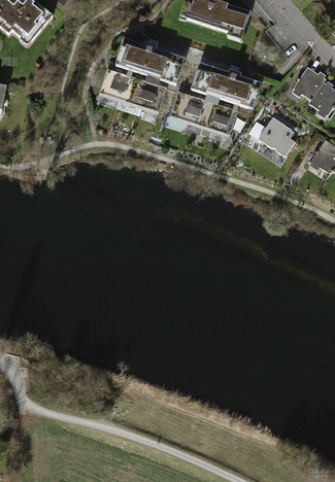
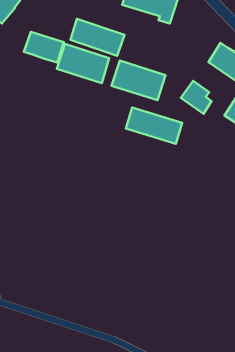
building: none -> [24,32,64,63]
building: [191,62,263,108] -> [126,107,182,144]

